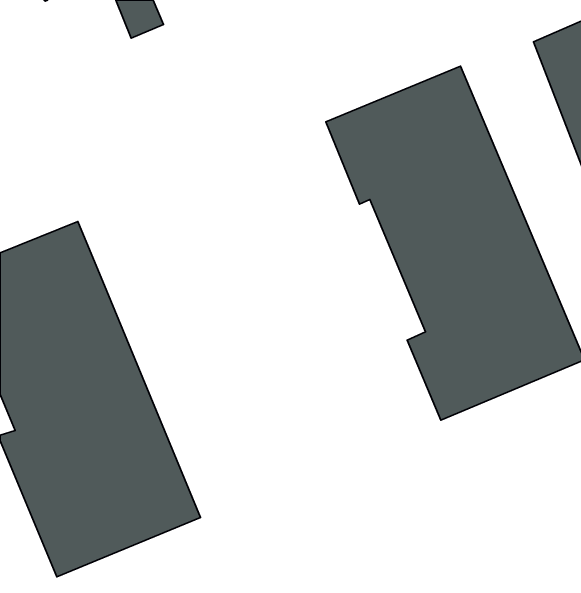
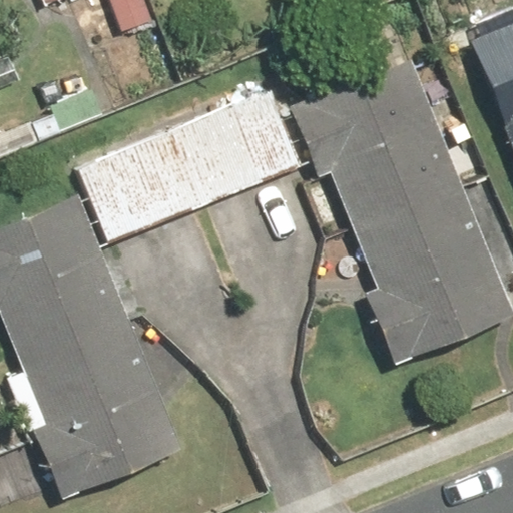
building: none -> [76,86,309,248]

